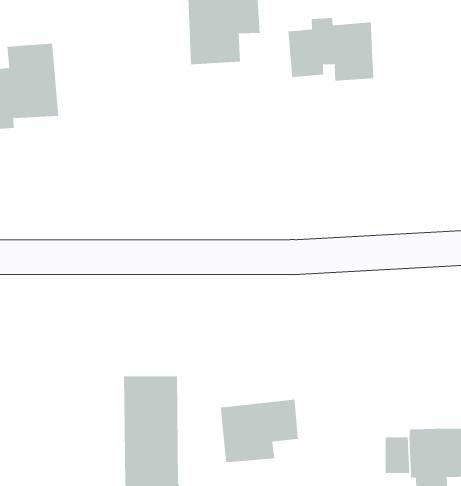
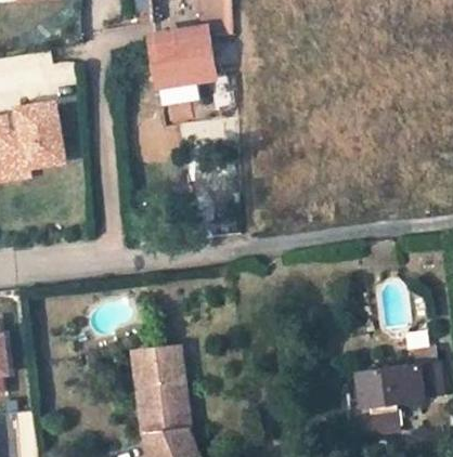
building: [288,17,374,81] -> none
building: [220,399,299,463] -> none

